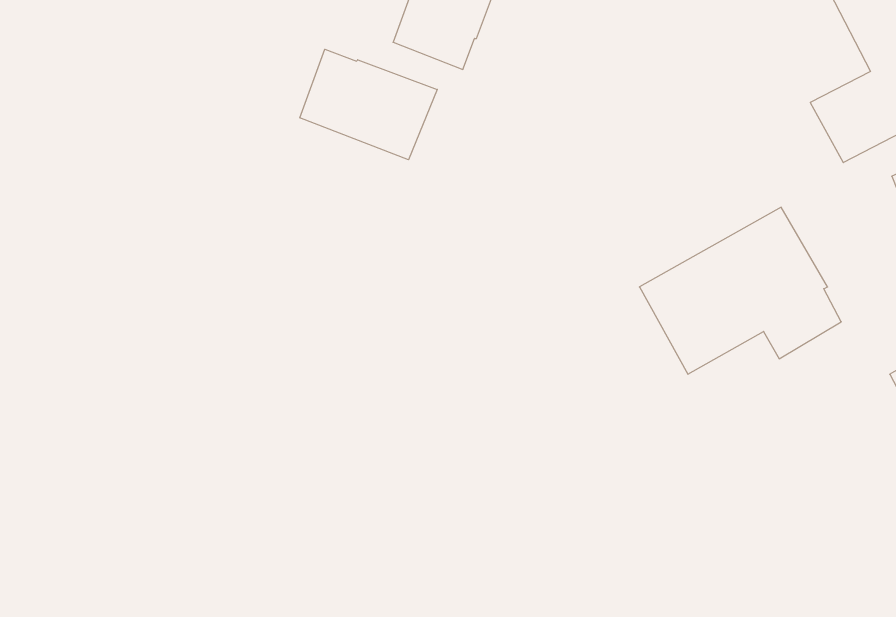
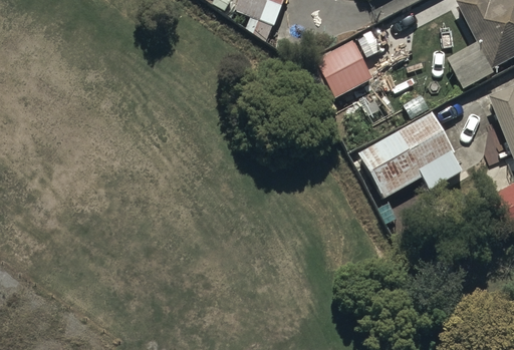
building: [300,49,437,160] -> none
building: none -> [312,37,373,98]

